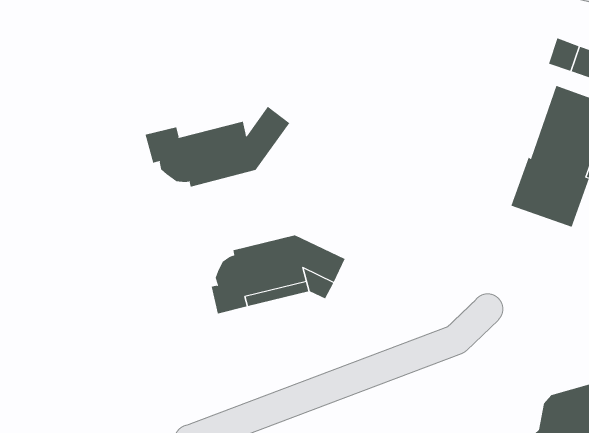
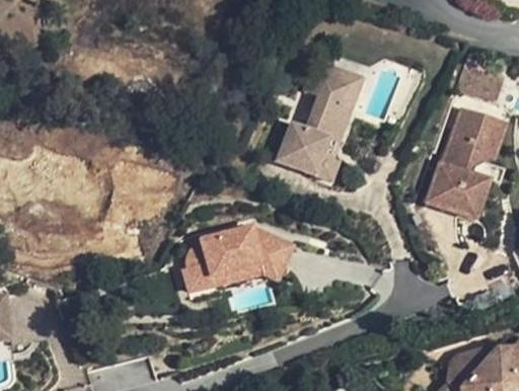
building: none -> [270,62,362,181]
building: [145,106,290,188] -> none

